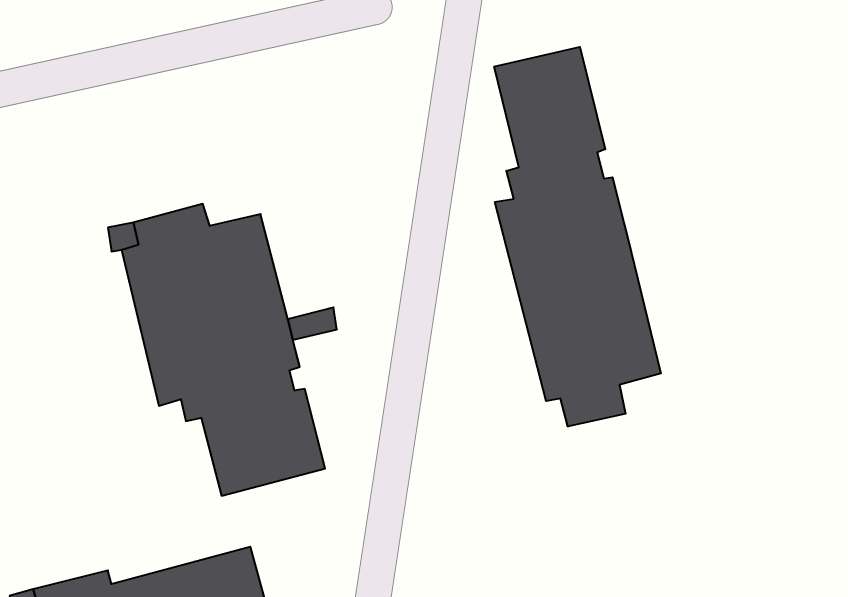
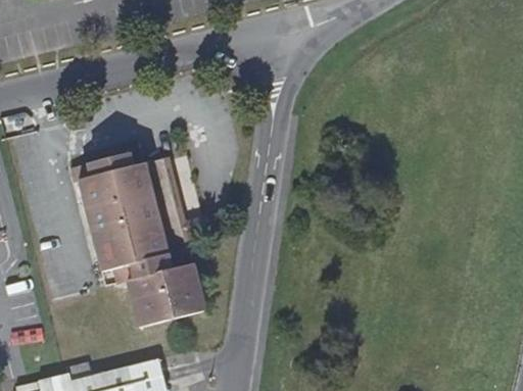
building: [494,47,661,427] -> none

